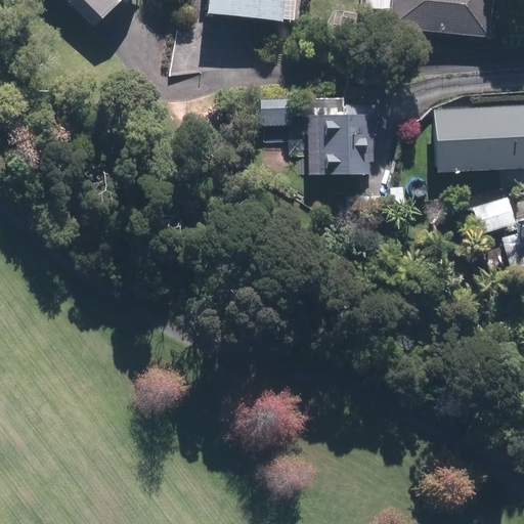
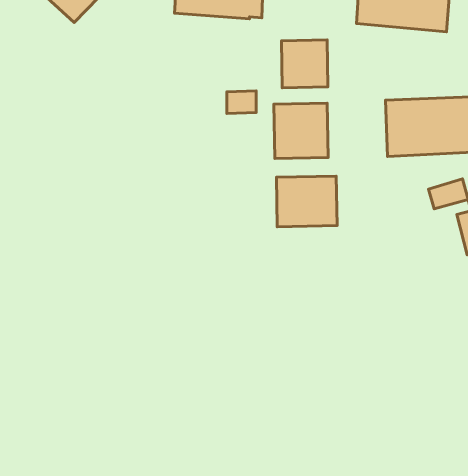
building: none -> [282,40,328,88]
building: none -> [276,176,337,227]

